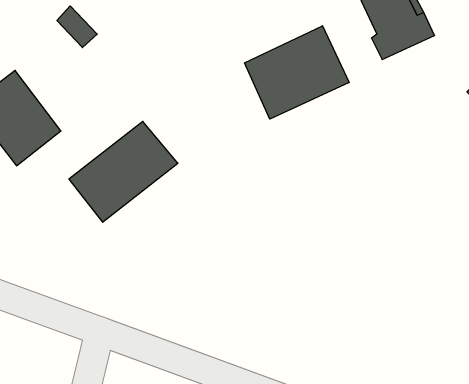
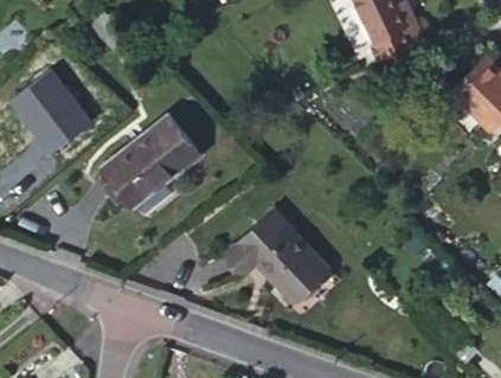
building: [244,26,349,119] -> none
building: none -> [225,211,326,302]

